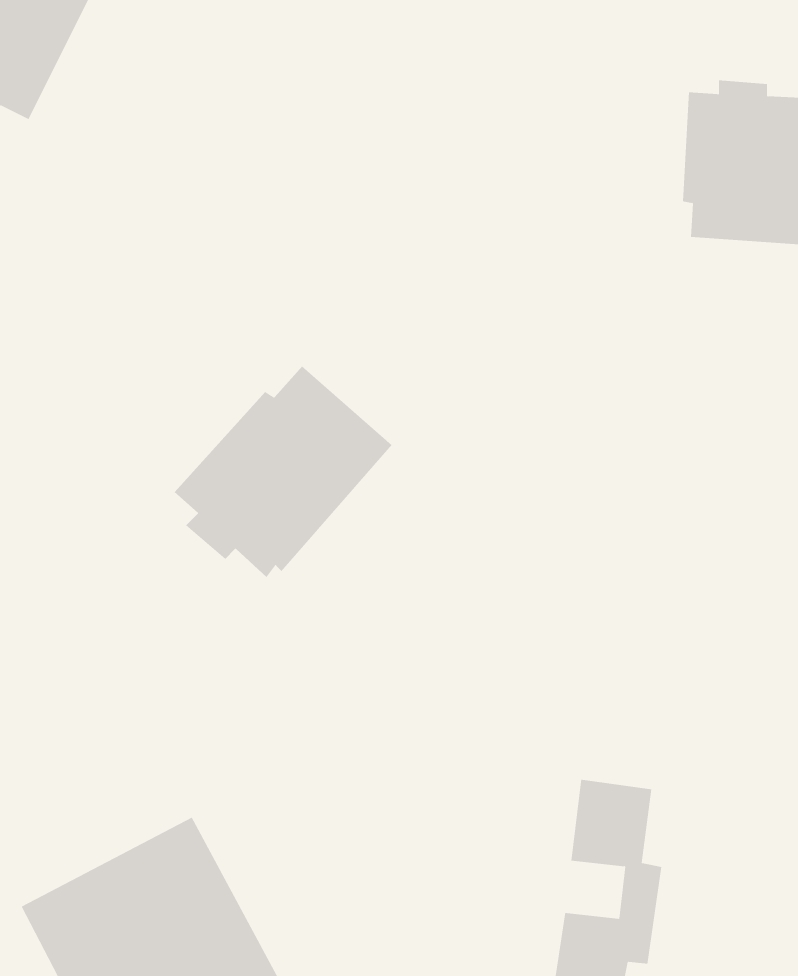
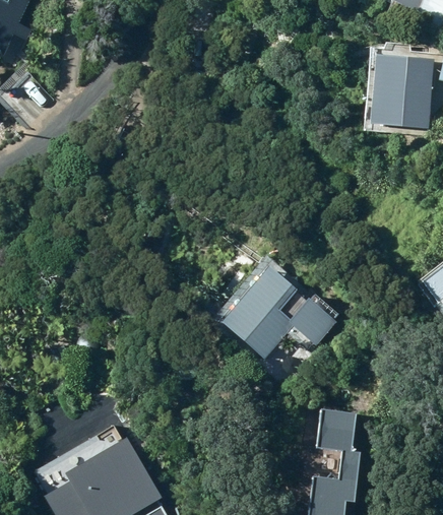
building: [174,366,392,578] -> none
building: none -> [210,256,340,363]

